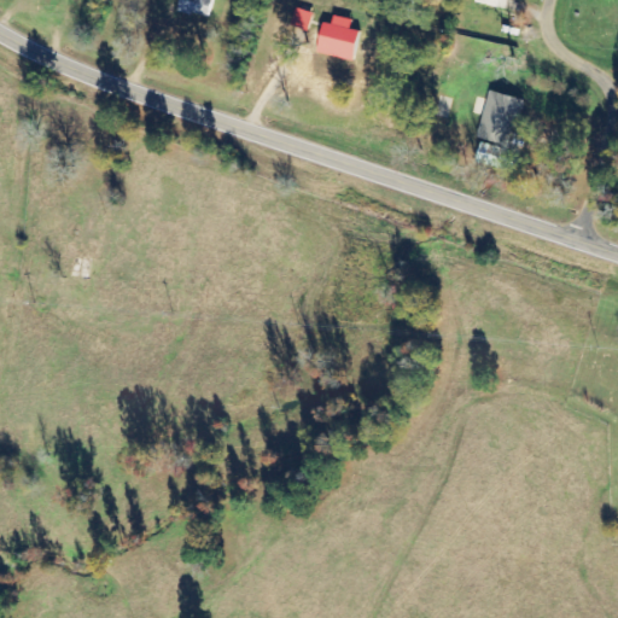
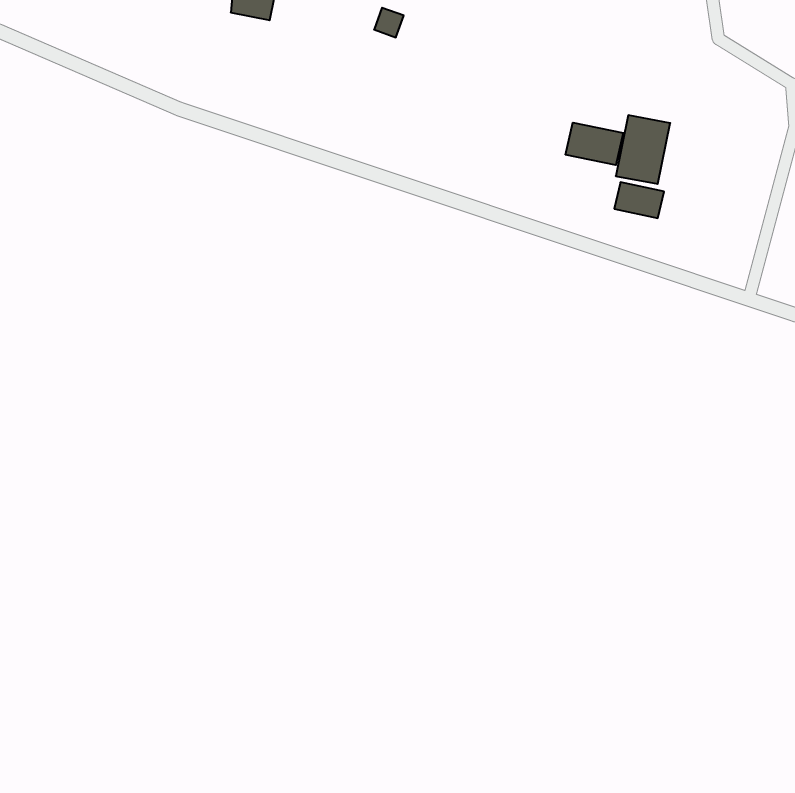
building: [317,14,361,59] -> none
building: none -> [566,123,623,165]

